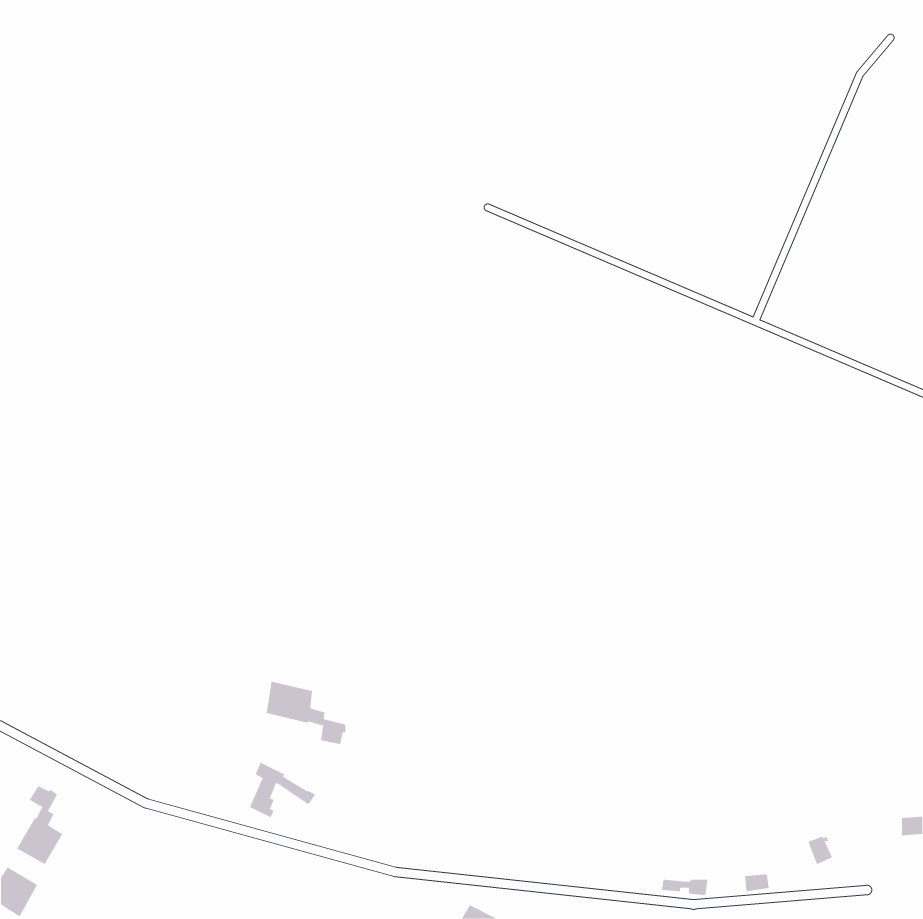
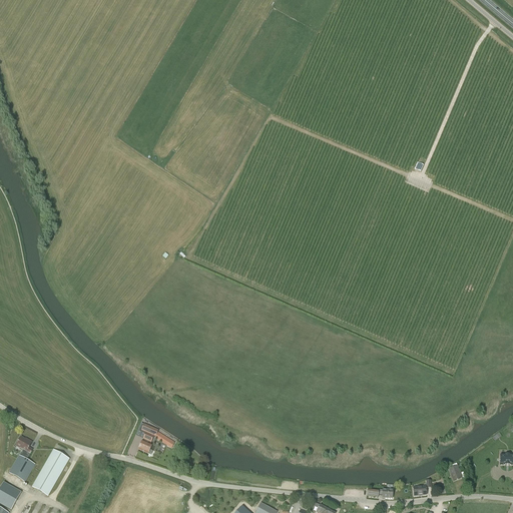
building: [266,681,346,745] -> none
building: none -> [33,449,69,494]

